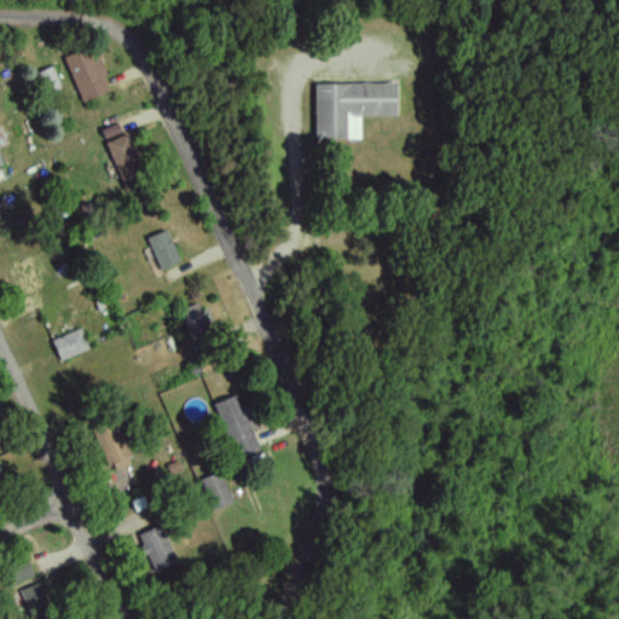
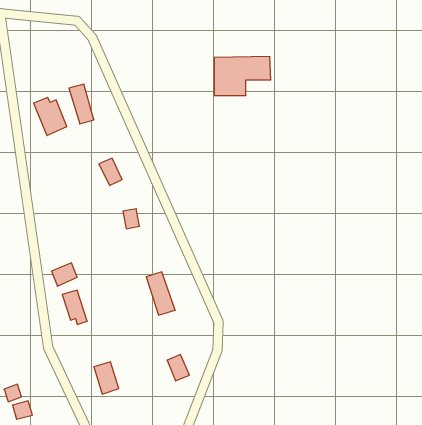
building: [64,47,112,103] -> [34,97,67,136]
building: [53,328,91,361] -> [52,263,77,286]
building: [201,472,233,510] -> [167,354,189,381]

